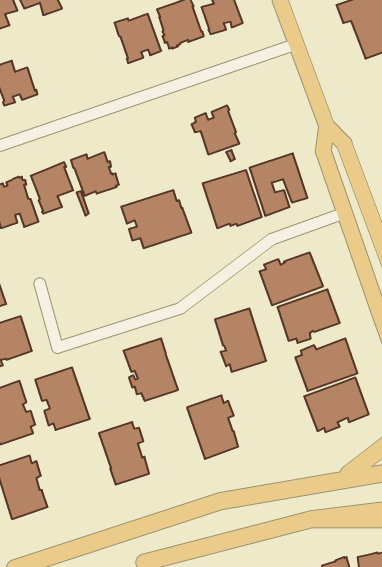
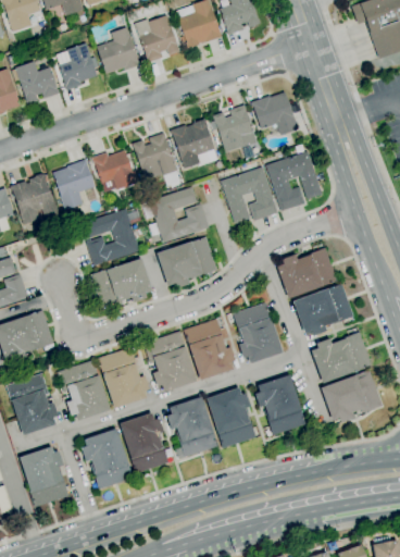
building: none -> [97,26,140,73]
building: none -> [57,42,97,90]
building: none -> [251,91,298,134]
building: none -> [171,117,217,168]
building: none -> [133,132,177,181]
building: none -> [83,207,141,265]
building: none -> [157,236,217,288]
building: none -> [91,258,152,310]
building: none -> [184,318,235,380]
building: none -> [98,347,149,408]
building: none -> [254,374,307,434]
building: none -> [166,396,217,457]
building: none -> [82,428,134,488]

